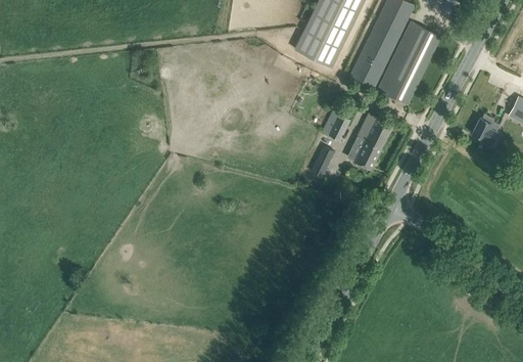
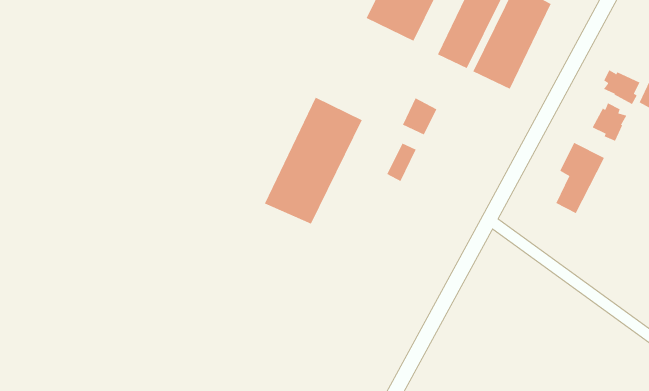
building: none -> [603,70,640,105]
building: none -> [264,97,362,225]
building: [353,114,392,170] -> [555,142,605,214]

